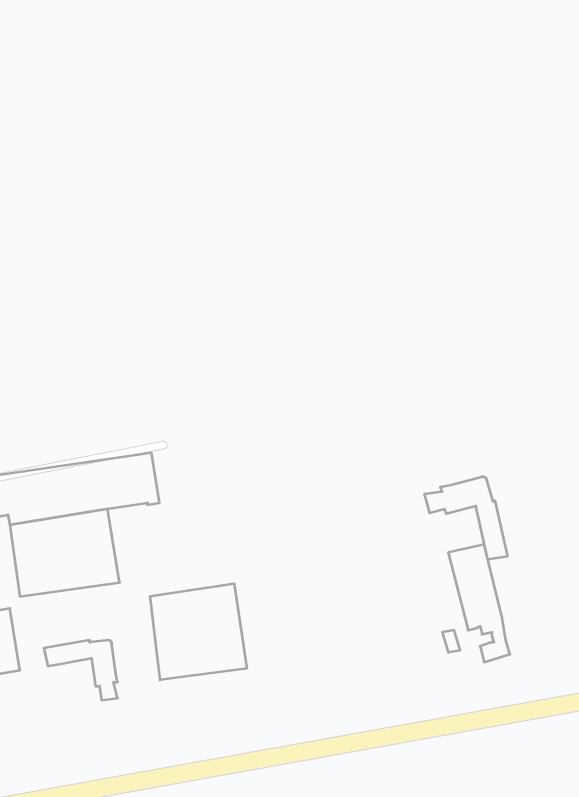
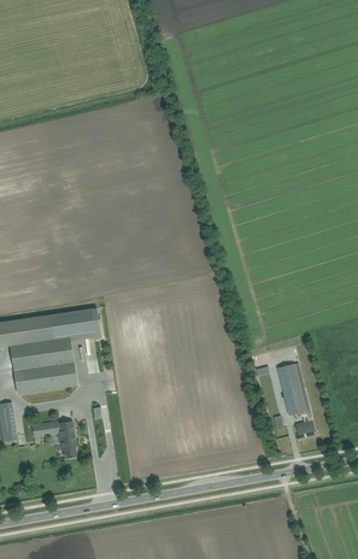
building: [425,476,507,560] -> none
building: [150,584,247,680] -> none

